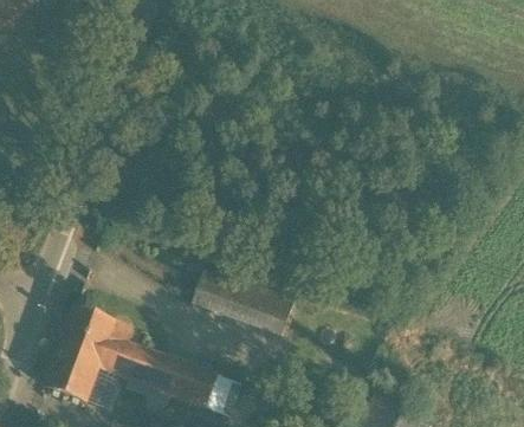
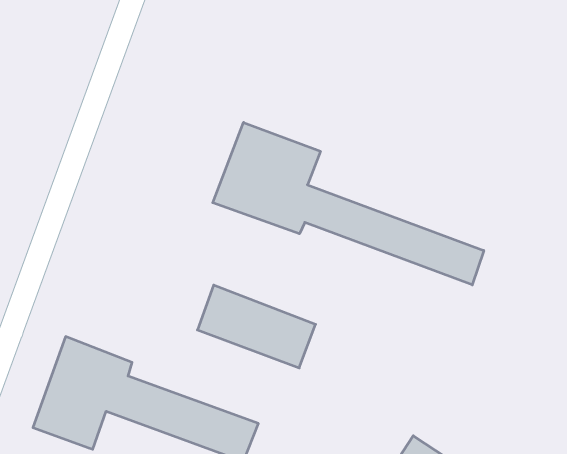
building: none -> [213,122,484,285]

